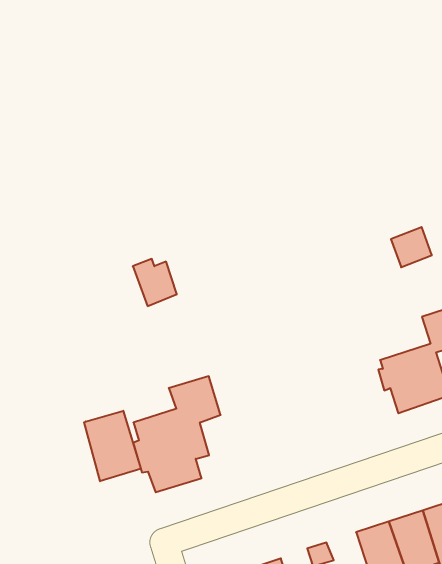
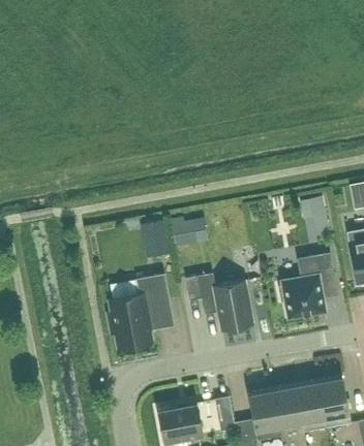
building: [133,259,177,306] -> [170,218,196,249]
building: none -> [185,275,252,330]
building: [84,411,141,481] -> none

